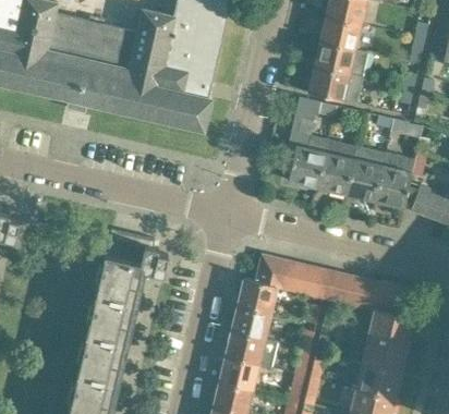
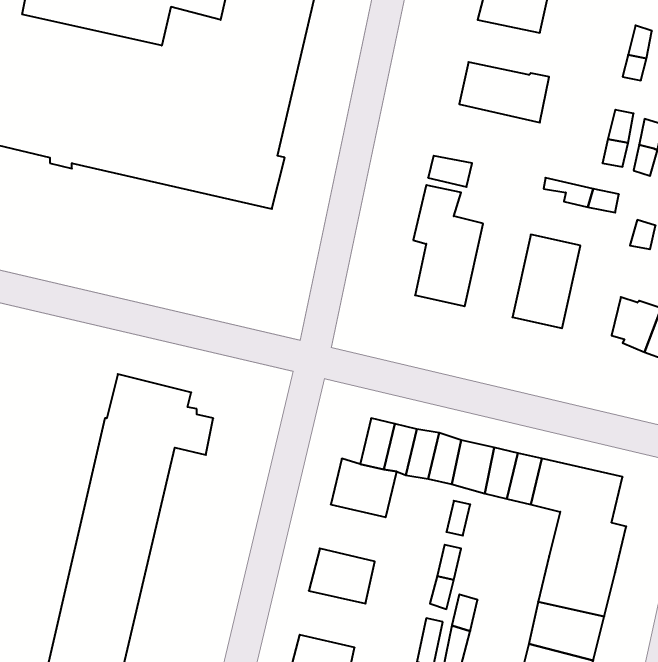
building: [319,19,362,51] -> none
building: [307,69,362,105] -> none
building: [317,139,356,195] -> none
building: [375,153,414,208] -> none
building: [231,306,270,340] -> none
building: [219,357,258,391] -> none

